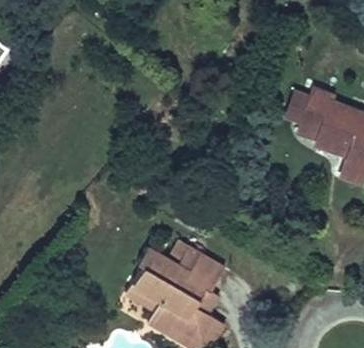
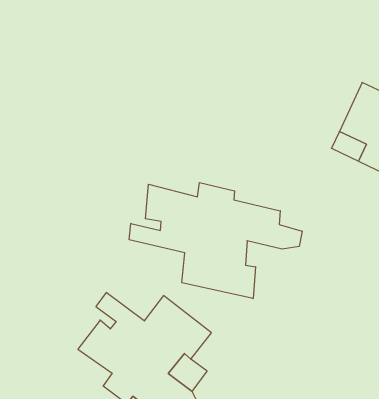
building: none -> [129,183,302,299]

